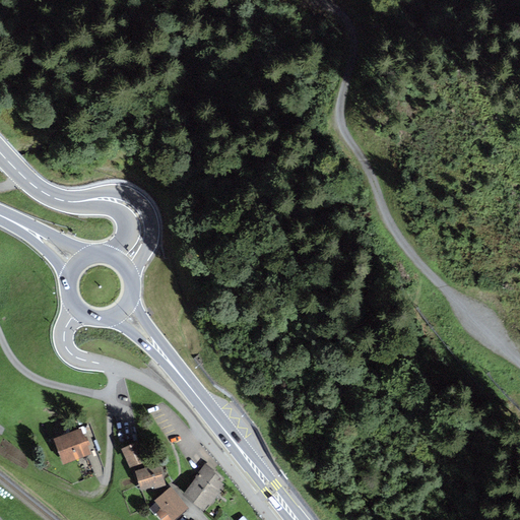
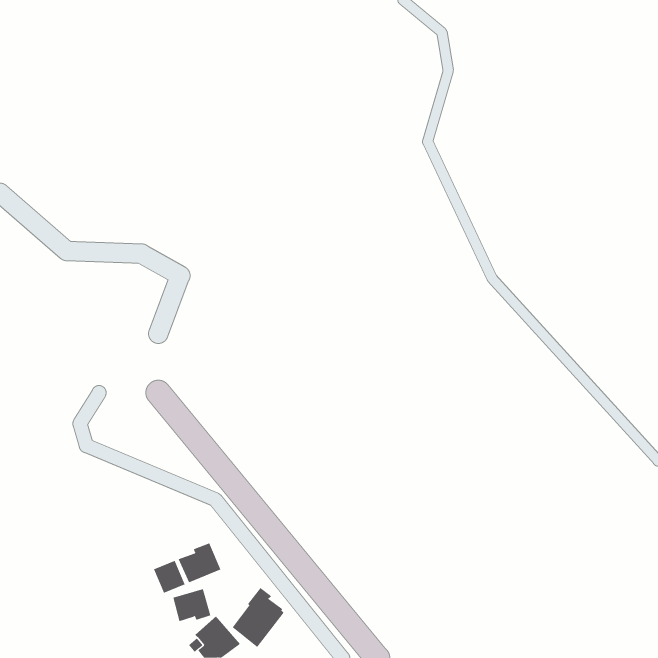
building: [54,428,91,464] -> none
building: none -> [178,543,221,583]

